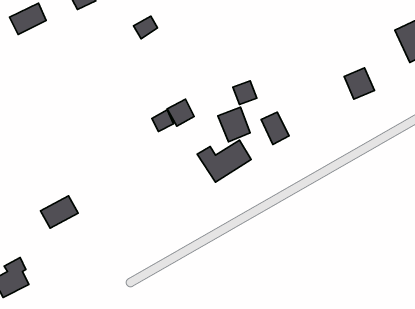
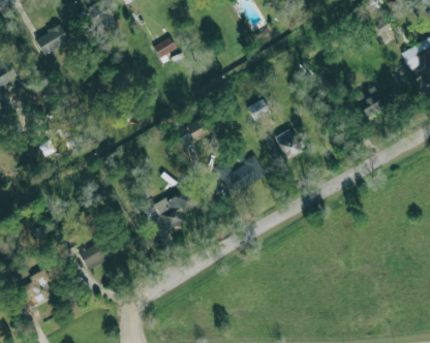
building: [218,107,250,142] -> none
building: none -> [154,188,196,231]
building: [40,196,78,228] -> [79,240,115,271]

